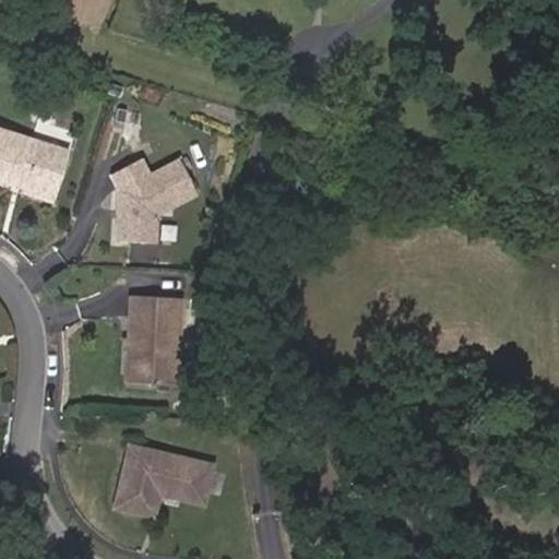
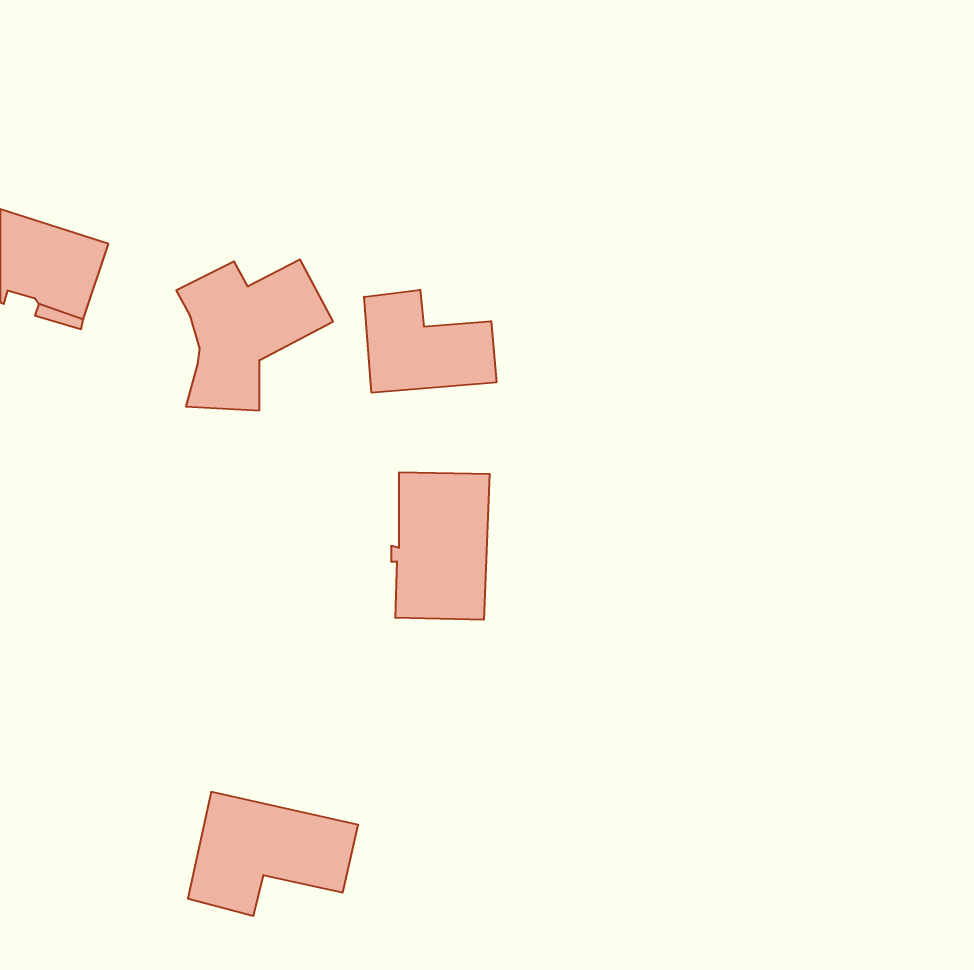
building: none -> [364,290,496,393]
building: [123,294,179,377] -> [391,472,490,620]

